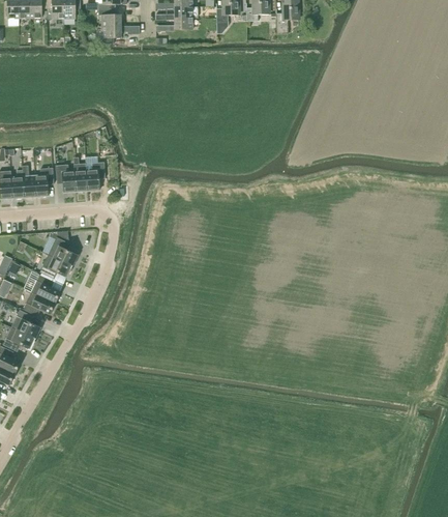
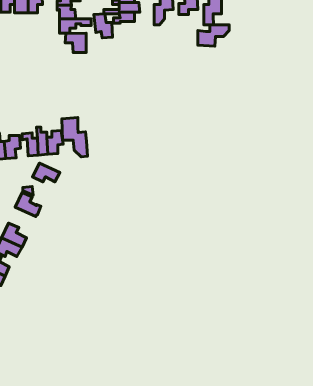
building: none -> [94,14,112,38]
building: none -> [198,25,229,46]
building: none -> [65,33,86,53]
building: none -> [62,117,88,157]
building: [38,255,71,278] -> [33,163,60,182]

